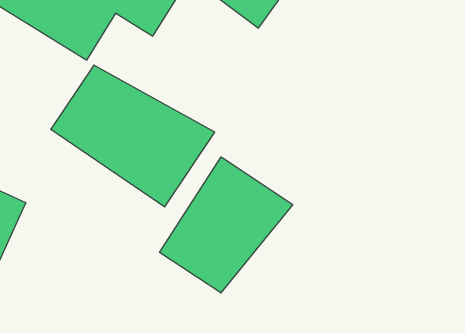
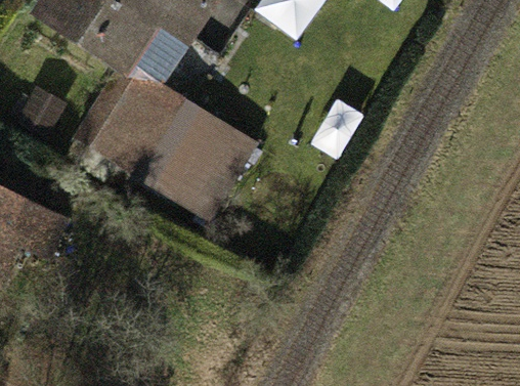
building: [160,157,293,293] -> none

